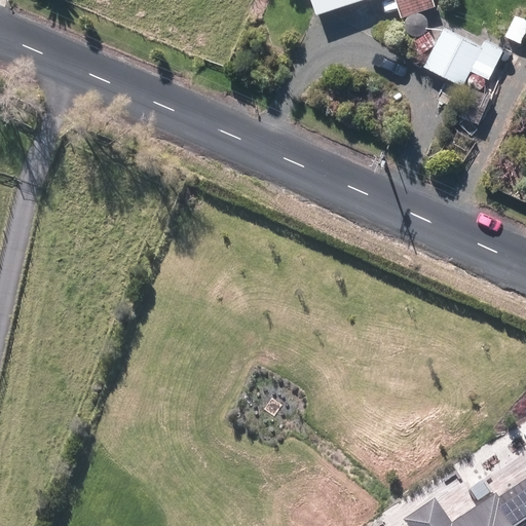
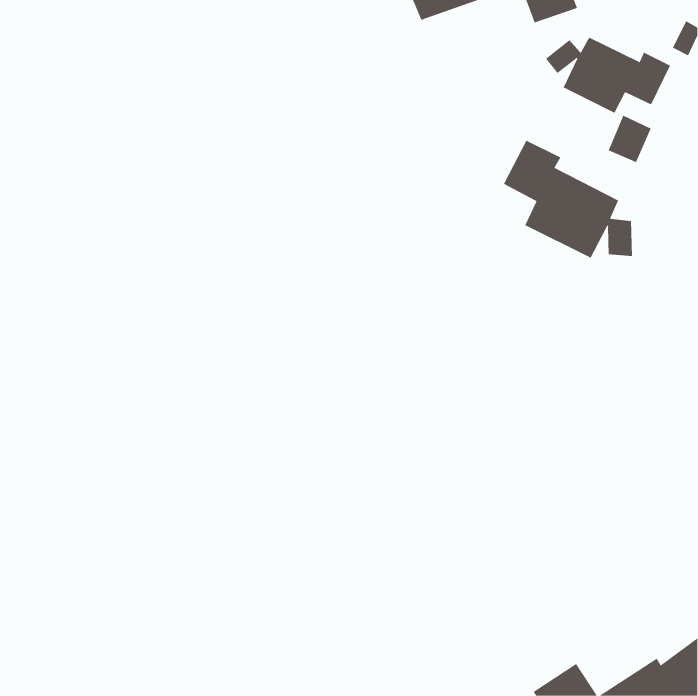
building: none -> [503,140,633,258]

